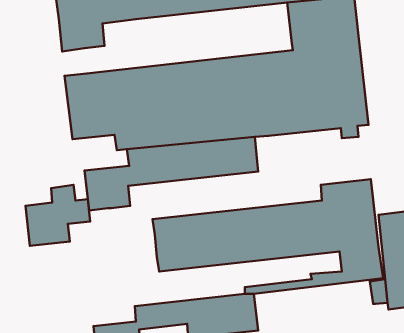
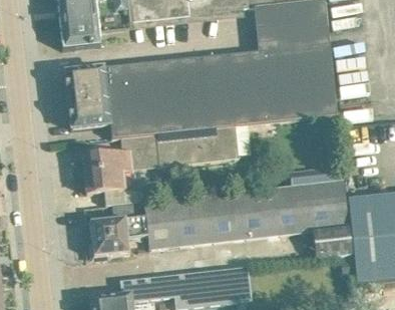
building: [25,185,90,246] -> [89,202,147,257]

